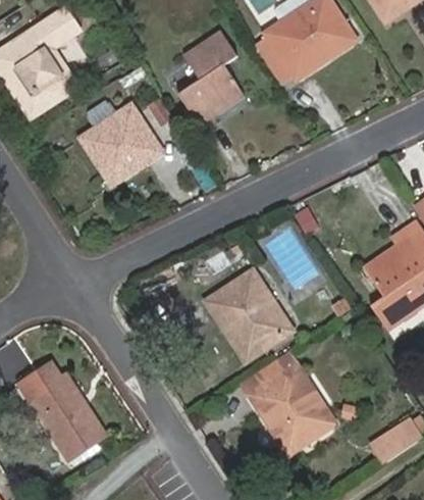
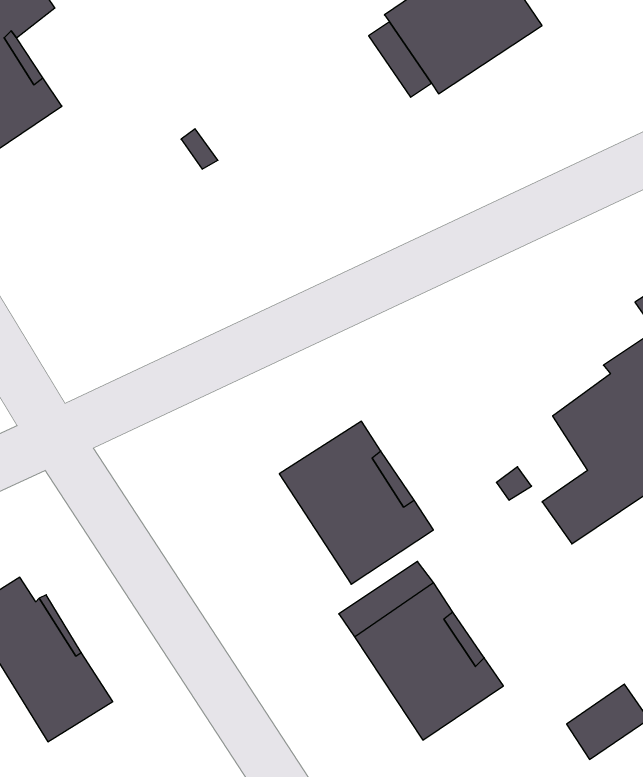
building: [179,30,245,124] -> none
building: [80,100,162,185] -> none

